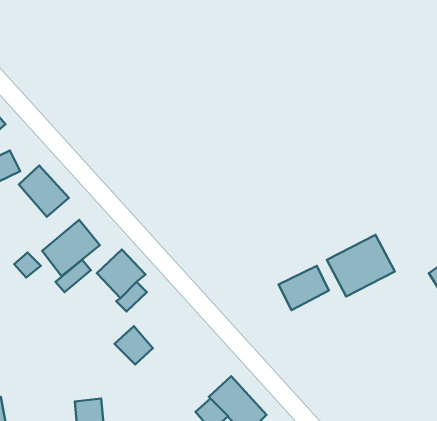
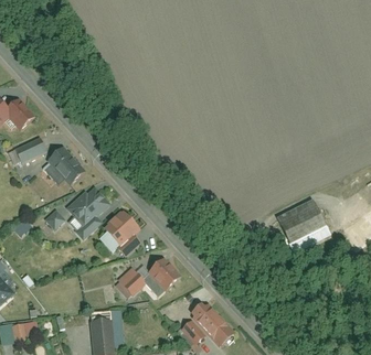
building: [279,266,329,310] -> none
building: none -> [150,257,182,290]

